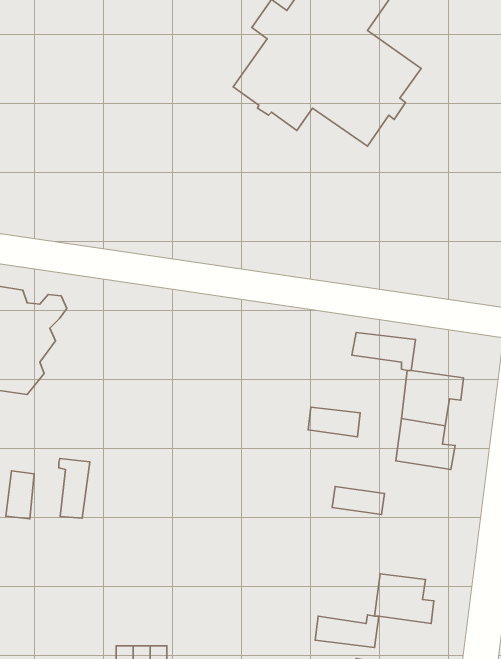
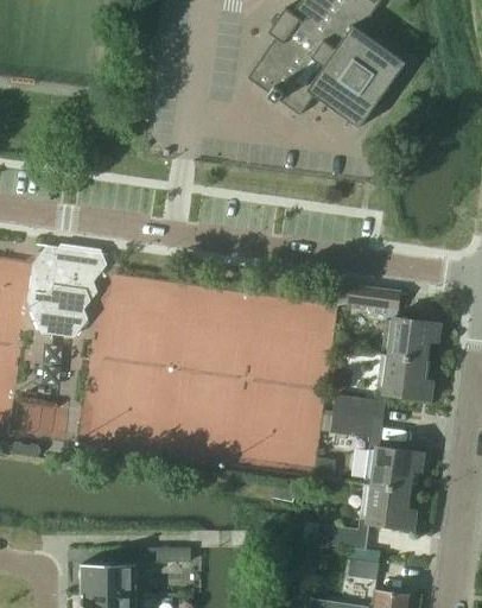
building: [308,407,360,437] -> [332,395,376,420]
building: [59,458,90,518] -> none
building: none -> [364,445,424,493]

